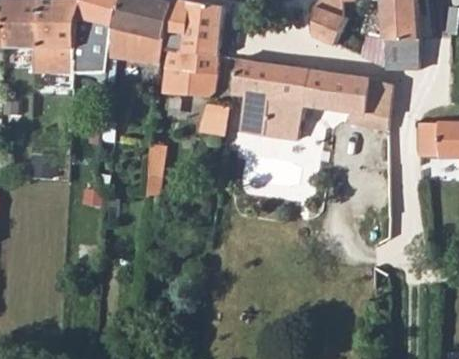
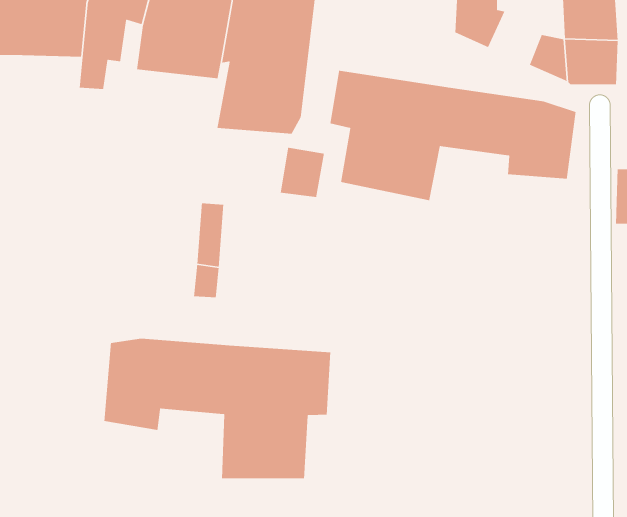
building: [31,49,71,71] -> none
building: none -> [103,338,331,479]

